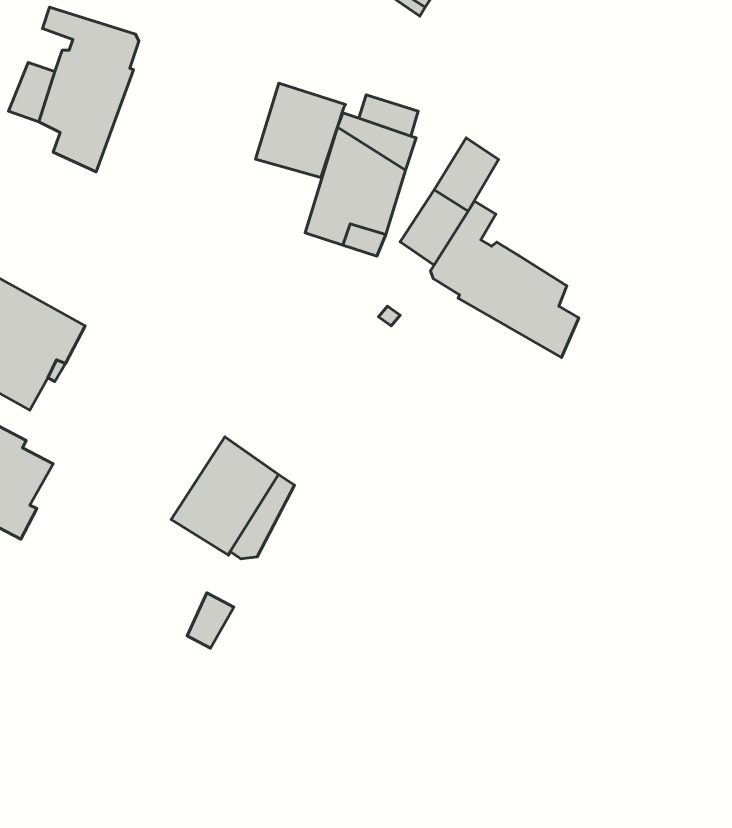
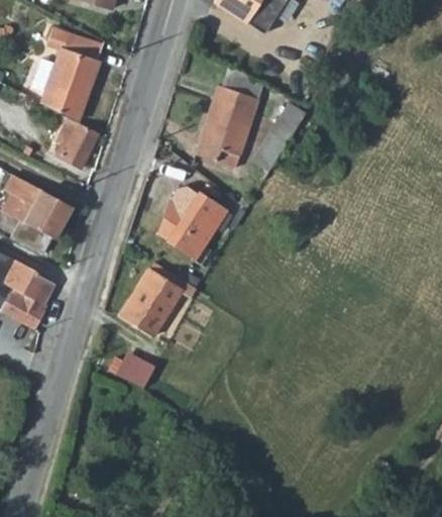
building: [255,83,345,177] -> none
building: none -> [43,117,98,177]
building: [430,201,579,358] -> none
building: none -> [158,193,224,256]

